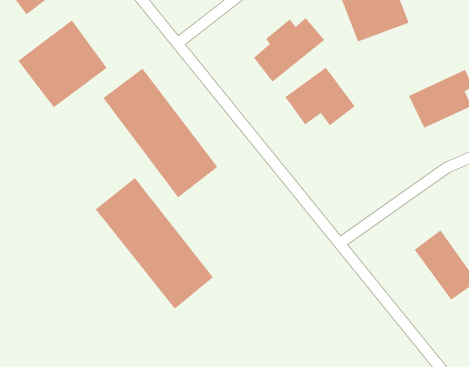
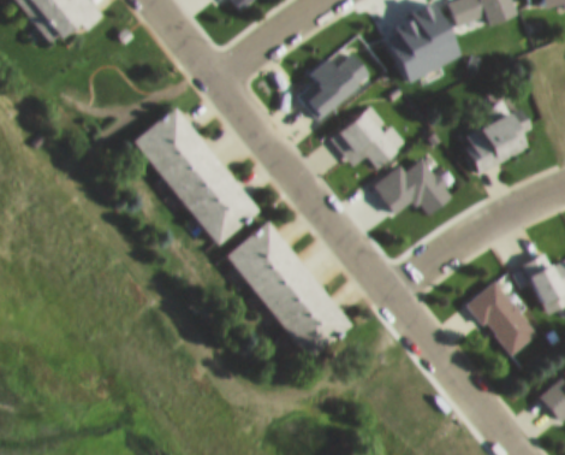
building: [17,19,108,108] -> none
building: none -> [371,158,452,215]
building: [95,177,214,310] -> [225,219,352,361]

